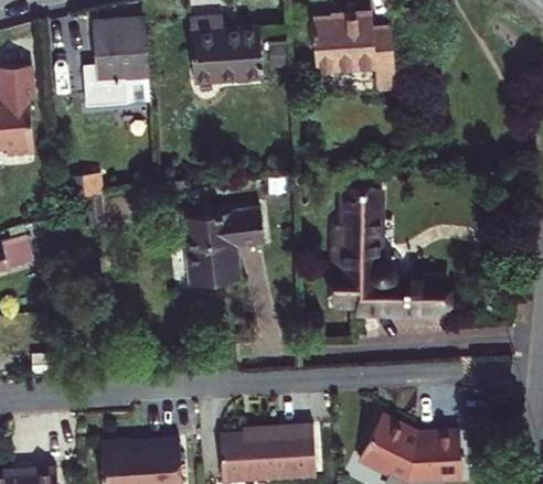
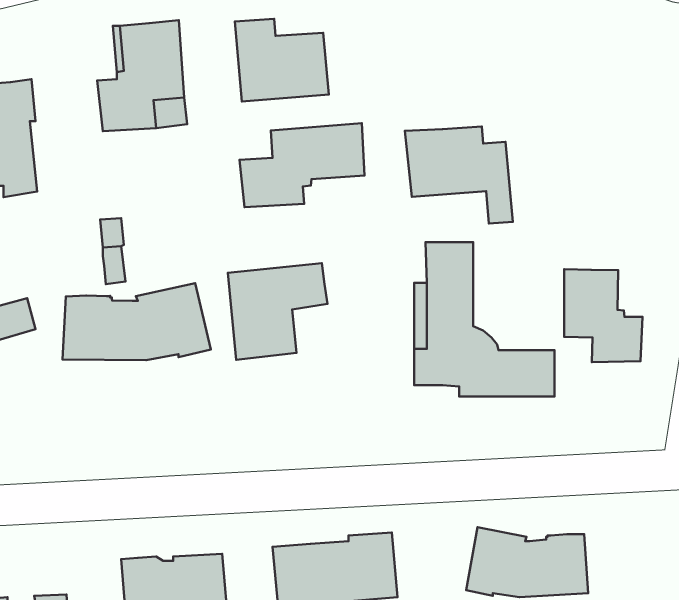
building: [310,18,395,94] -> [405,126,513,223]
building: none -> [239,123,364,207]
building: none -> [564,269,642,362]
building: none -> [62,283,211,360]

